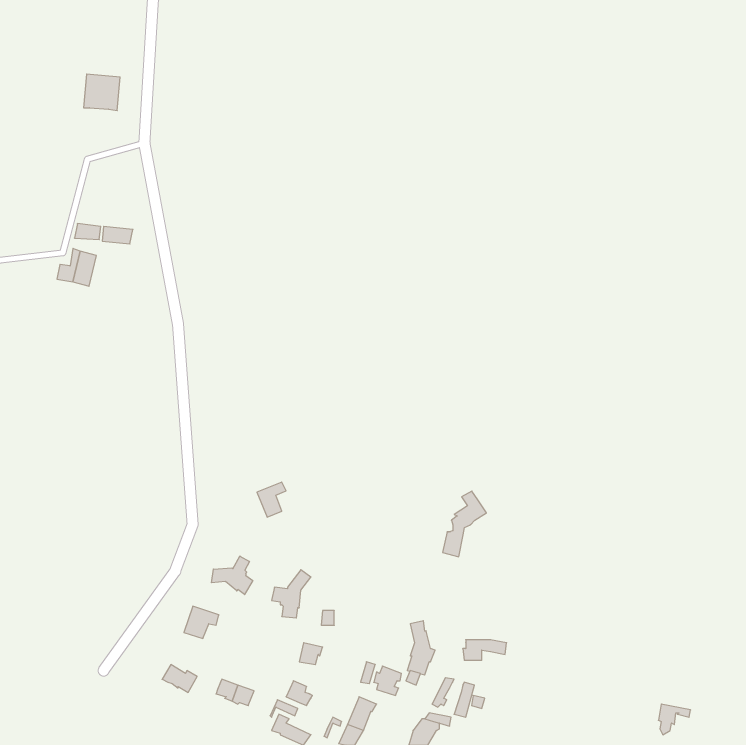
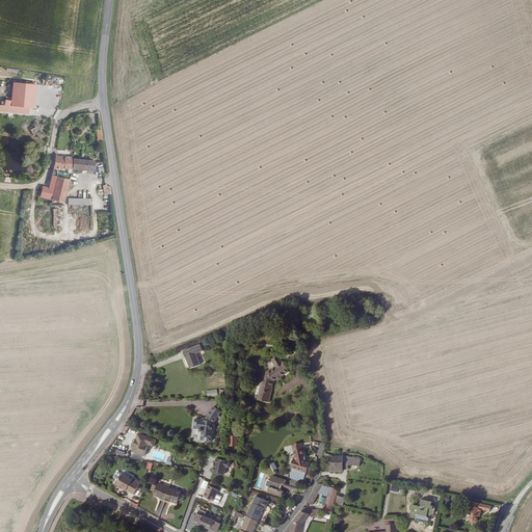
building: [84,74,120,111] -> [11,85,37,111]
building: [443,491,486,557] -> [258,354,289,401]
building: [212,556,253,595] -> none

